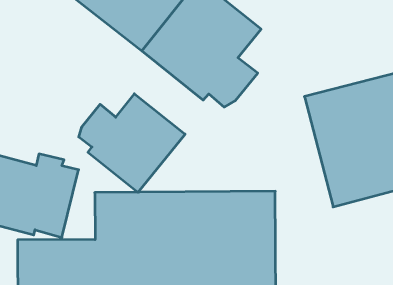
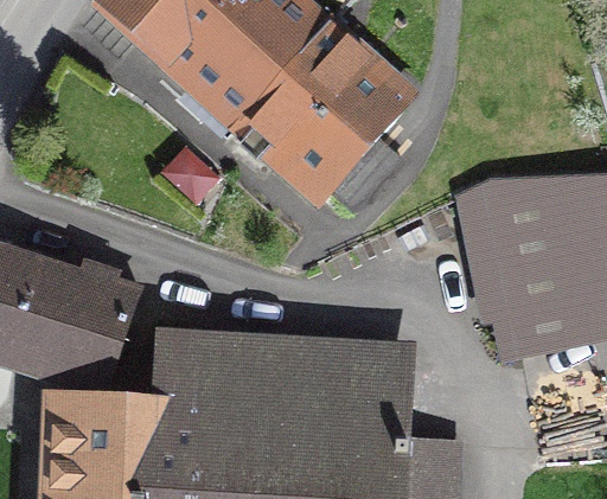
building: [79,94,185,192] -> none

